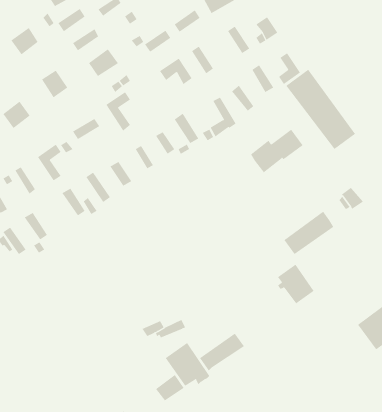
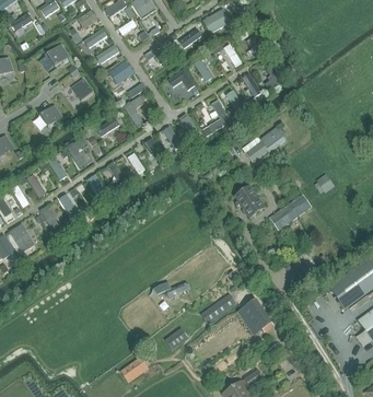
building: [285,69,356,150] -> none
building: [277,264,315,304] -> [234,185,265,218]
building: [165,342,210,386] -> [236,299,273,335]

